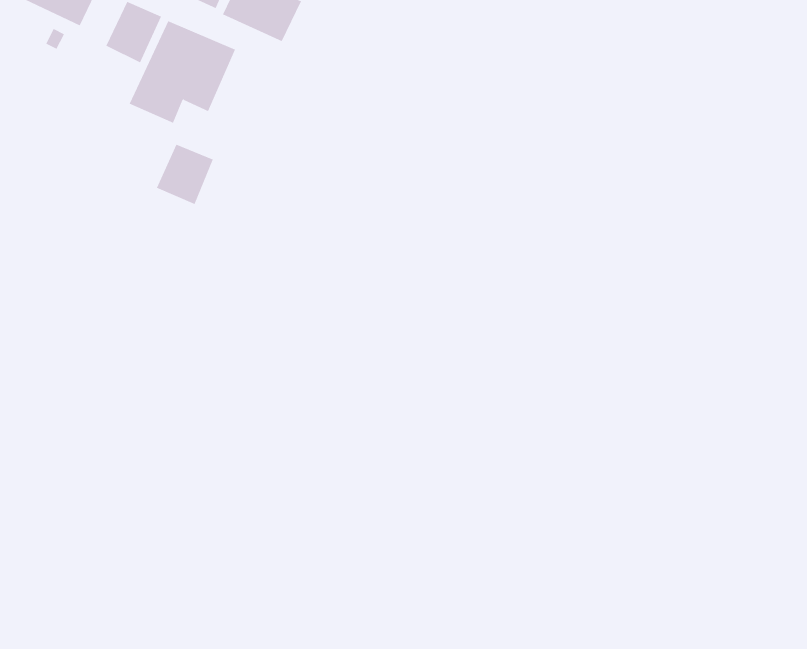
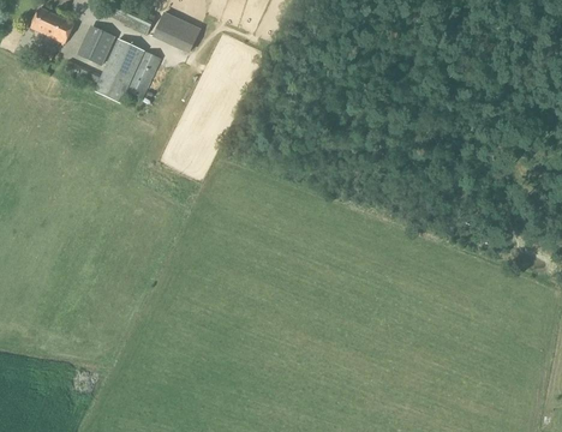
building: [156,144,214,205] -> none

